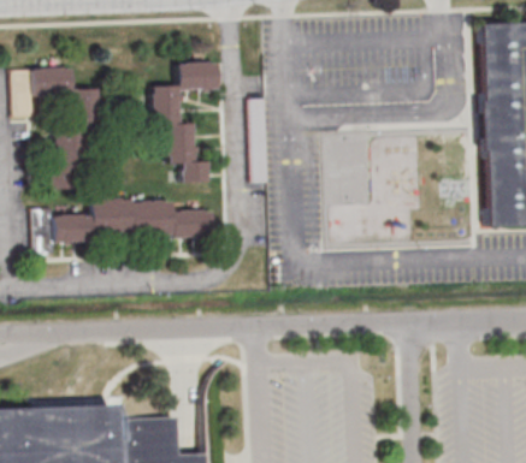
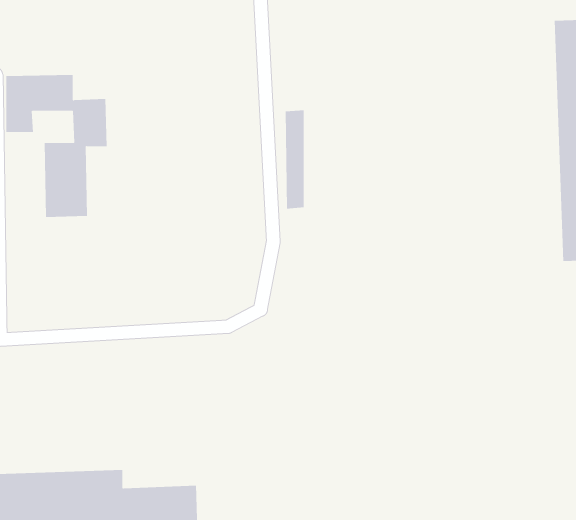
building: [152,63,219,183] -> none
building: [35,200,214,256] -> none

